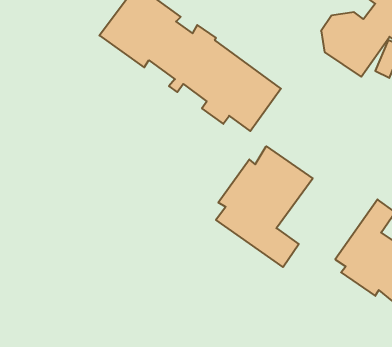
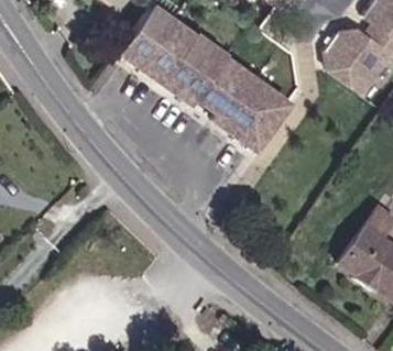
building: [216,146,313,267] -> none

